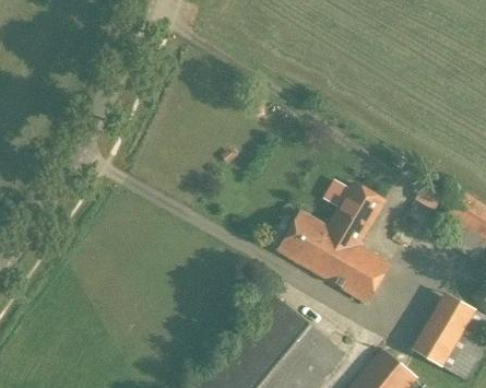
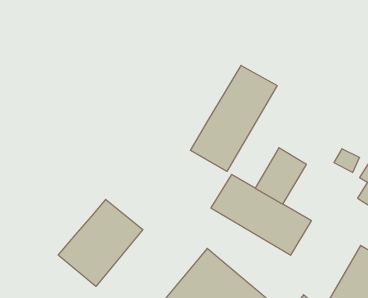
building: none -> [190,65,277,171]
building: none -> [58,199,143,286]

